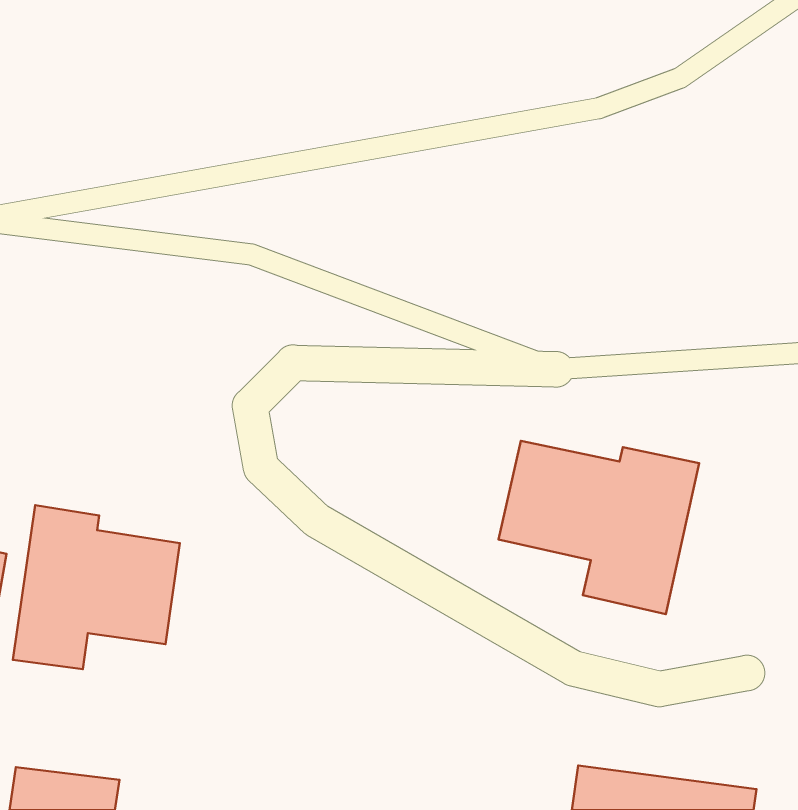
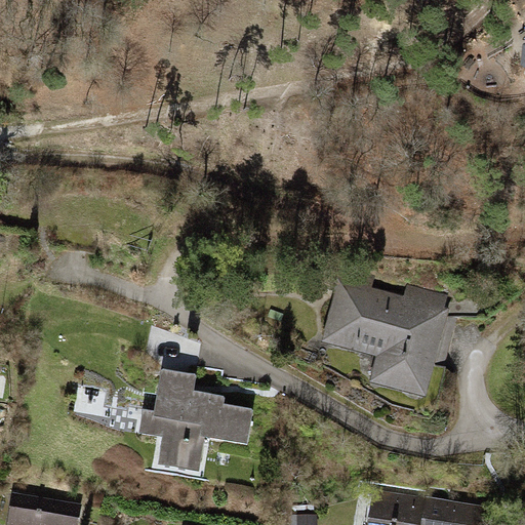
building: [13,505,180,669] -> none
building: none -> [150,373,252,472]

